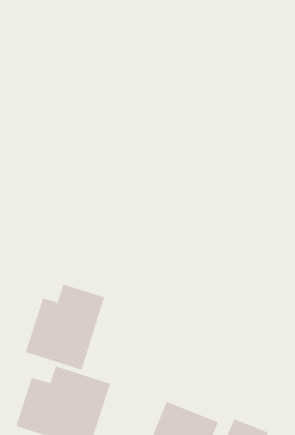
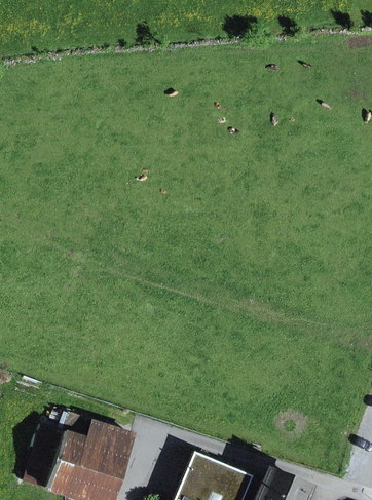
building: [25,284,105,371] -> none

